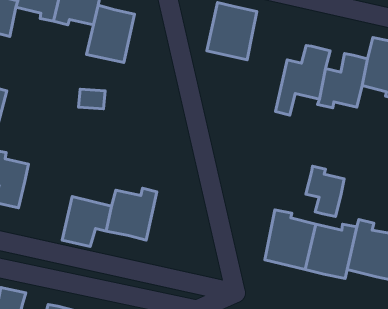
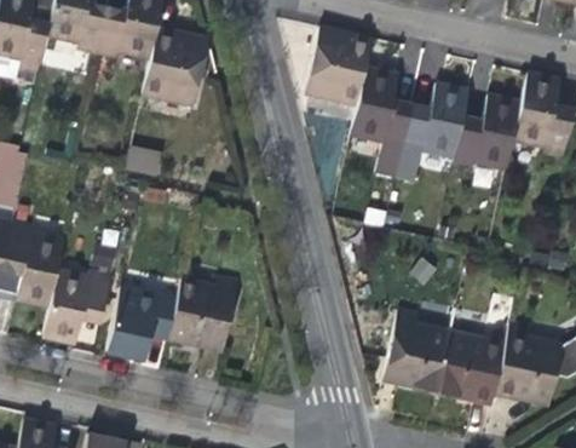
building: none -> [350,70,411,177]
building: [306,166,344,216] -> none
building: none -> [41,270,109,344]

